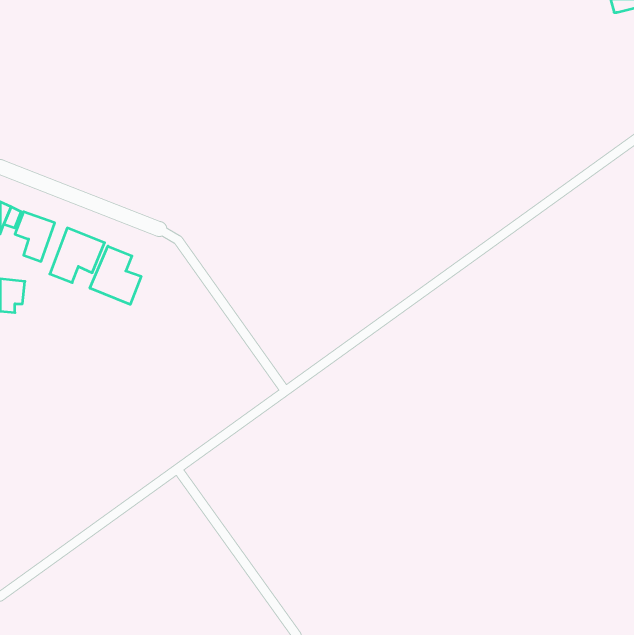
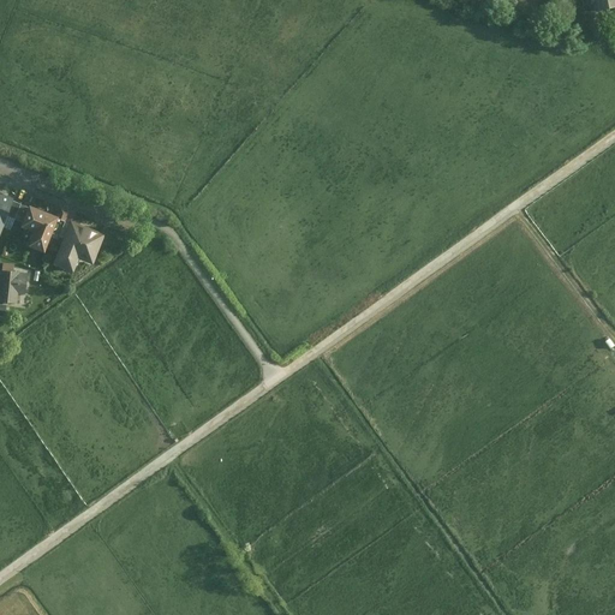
building: [90,246,141,304] -> none

